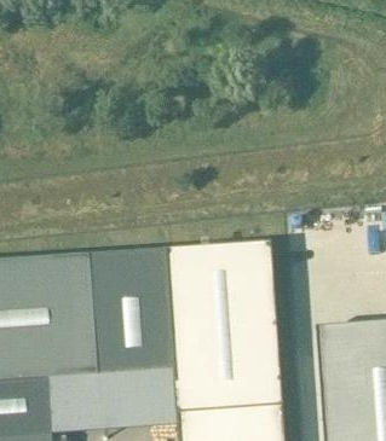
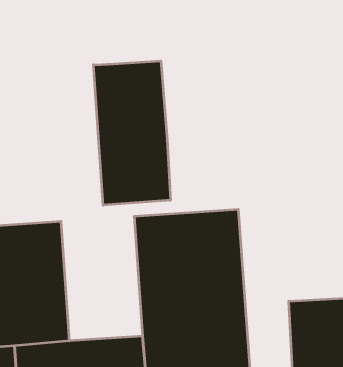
building: none -> [93,61,170,205]
building: [92,248,174,373] -> none

